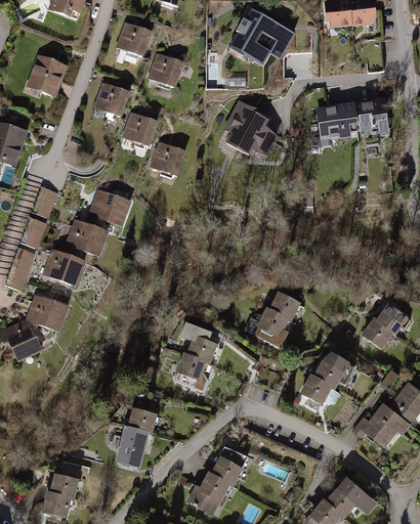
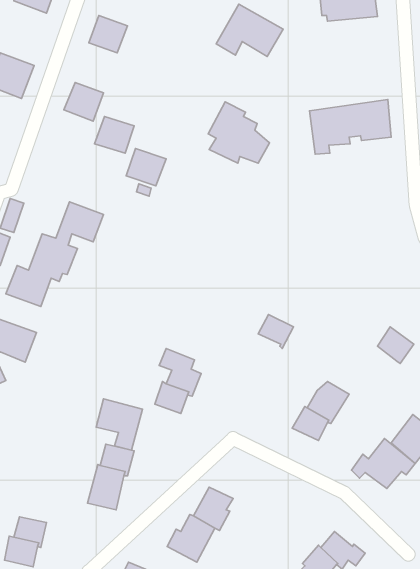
building: [148,53,184,88] -> none
building: [254,306,290,347] -> none
building: [362,317,394,349] -> none
building: none -> [96,399,142,450]

